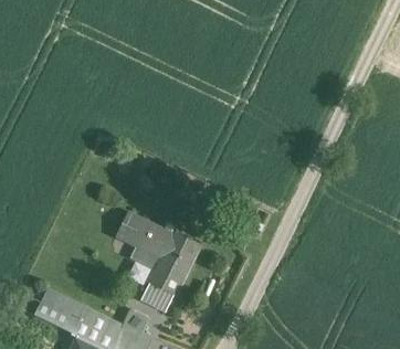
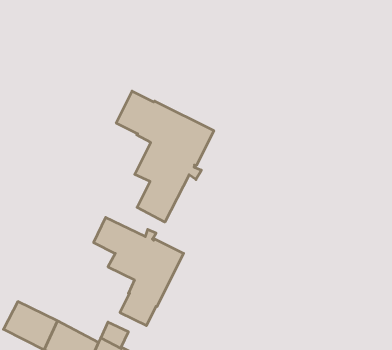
building: none -> [116,91,214,222]

